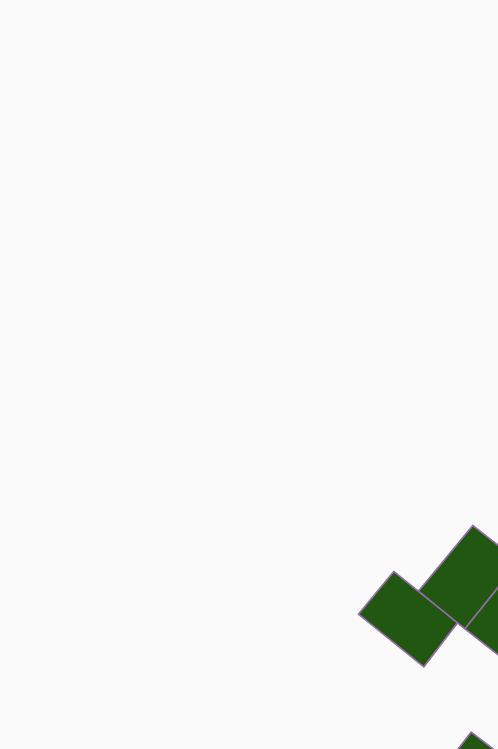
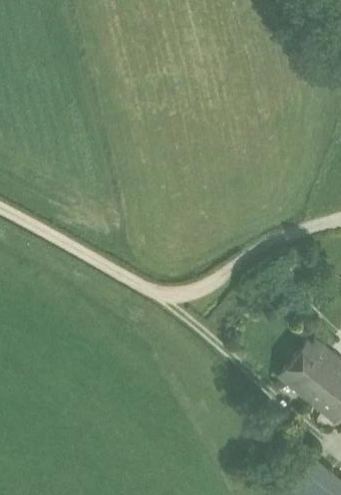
building: [358,571,457,667] -> none

